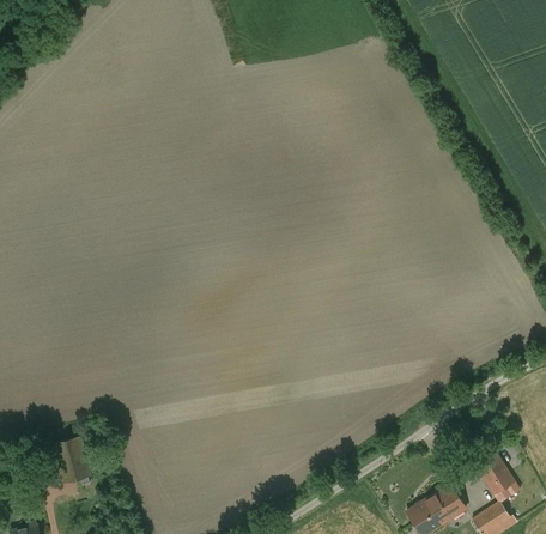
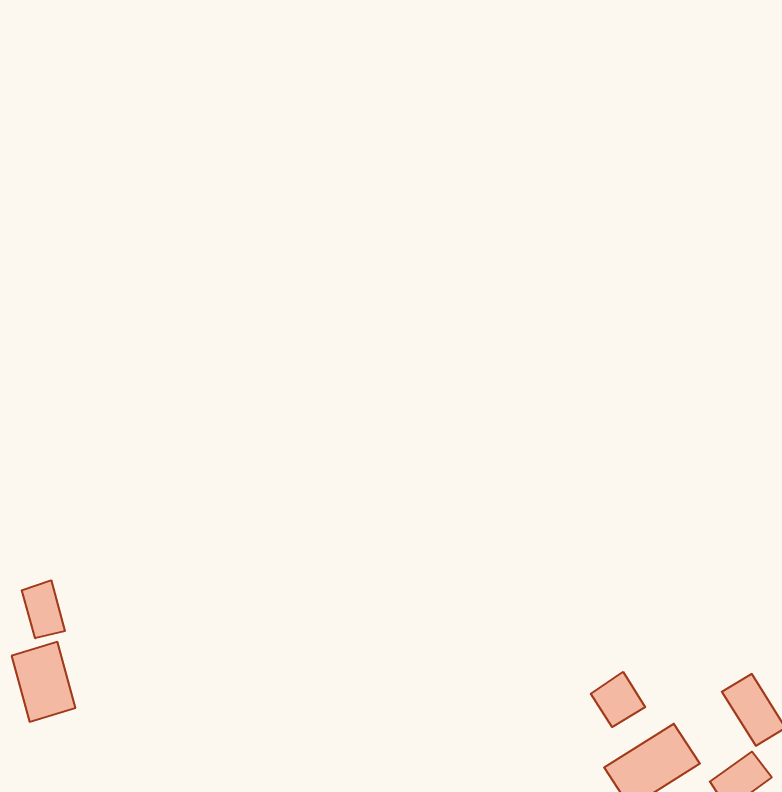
building: none -> [22,580,65,638]
building: none -> [591,672,645,727]

